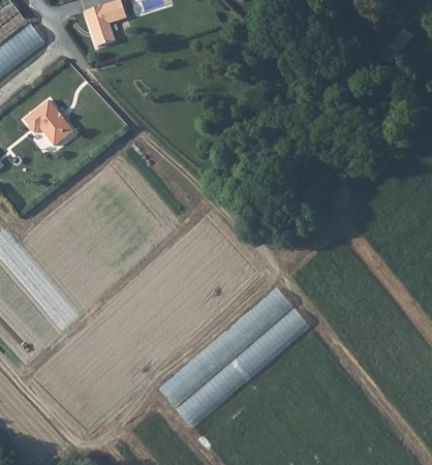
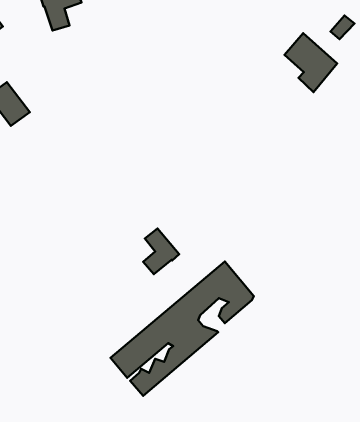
building: none -> [285,33,337,92]
building: none -> [143,229,179,274]

